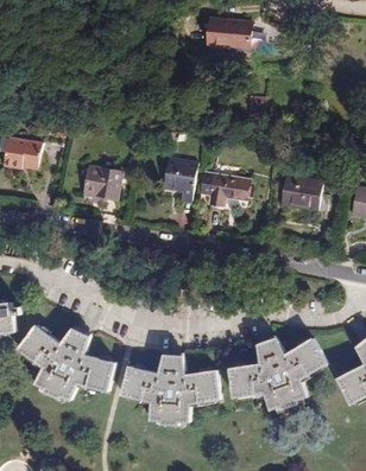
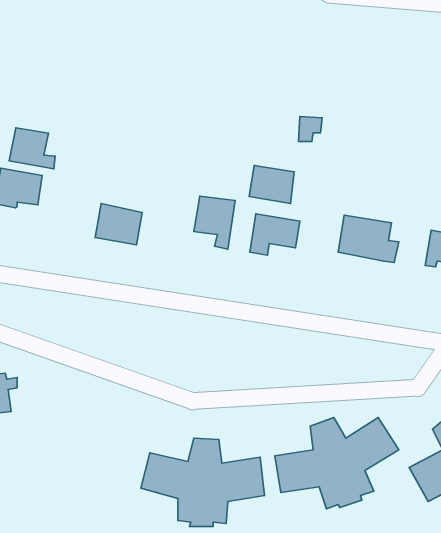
building: [206,18,252,47] -> none
building: none -> [9,128,55,169]
building: none -> [249,165,294,204]
building: [15,324,114,401] -> none

